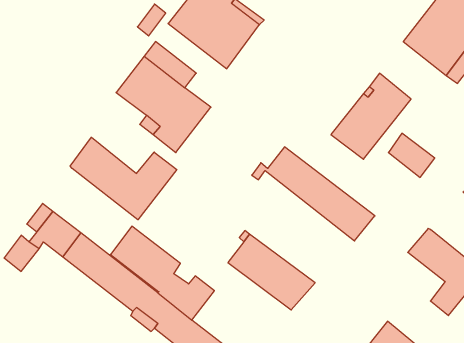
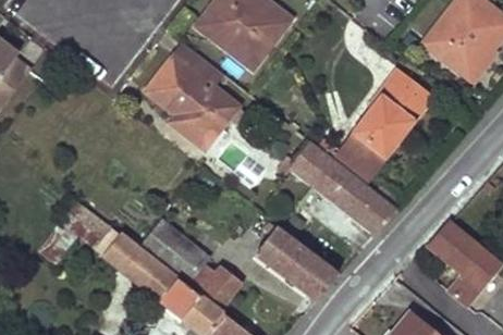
building: [388,133,435,177] -> [341,132,385,174]
building: [70,137,177,220] -> none

